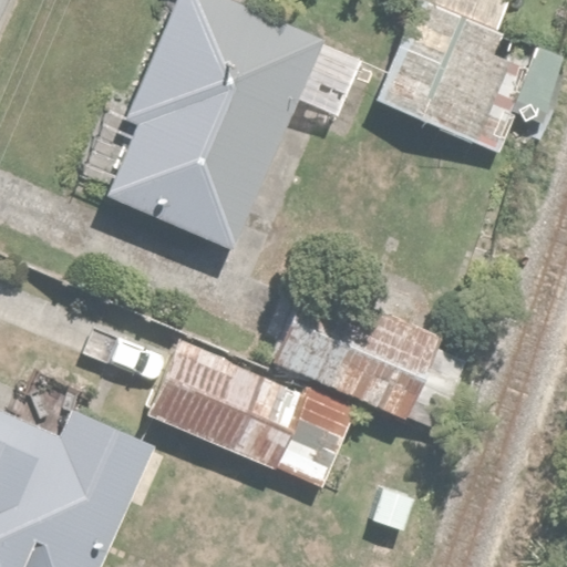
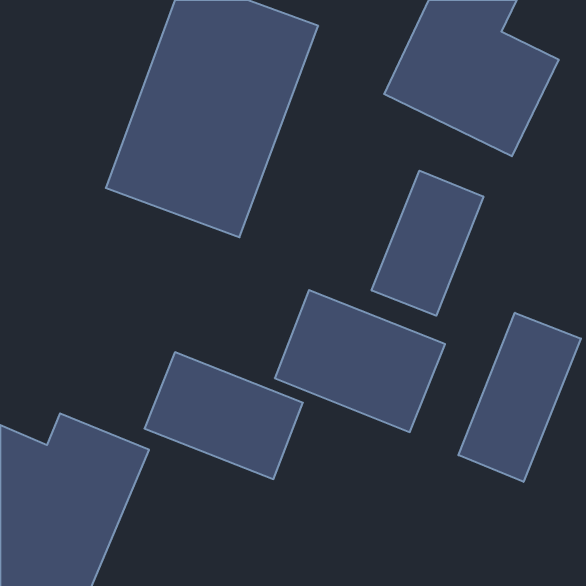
building: none -> [372,171,483,316]
building: none -> [458,313,581,482]

